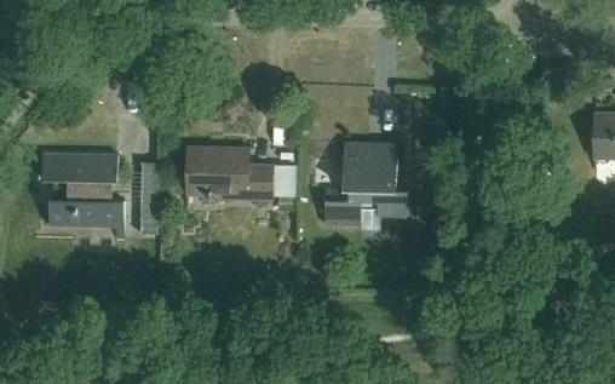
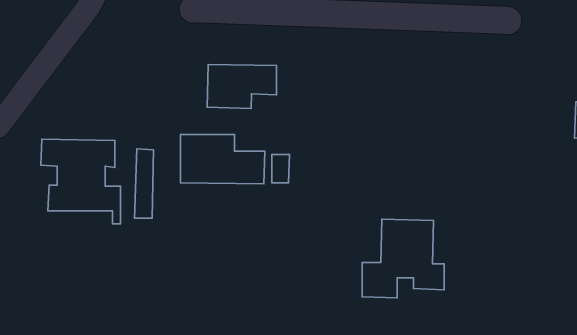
building: none -> [207,64,277,109]
building: [324,143,409,224] -> [362,219,444,298]

